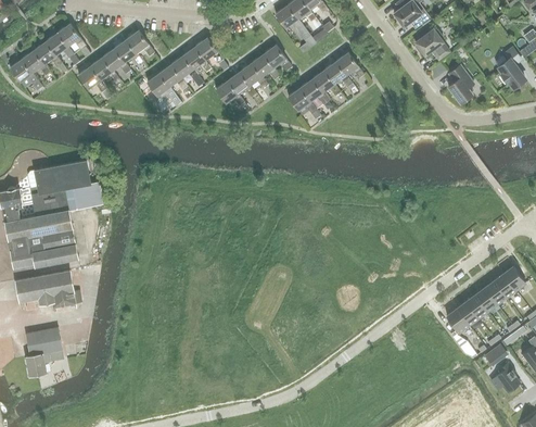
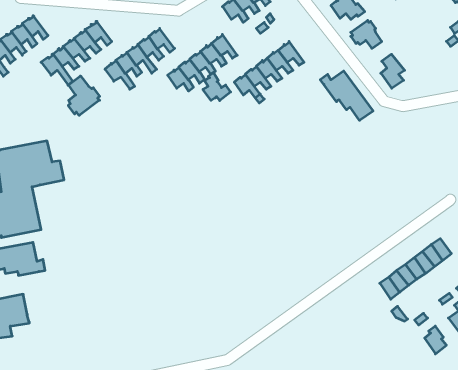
building: [499,48,525,87] -> none
building: none -> [320,71,373,120]
building: none -> [203,72,231,101]
building: none -> [68,76,100,115]

